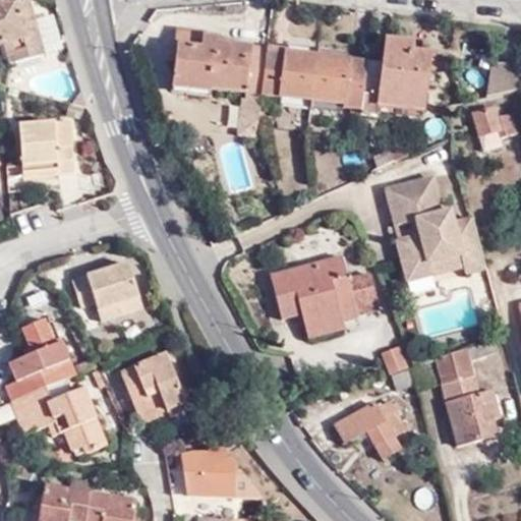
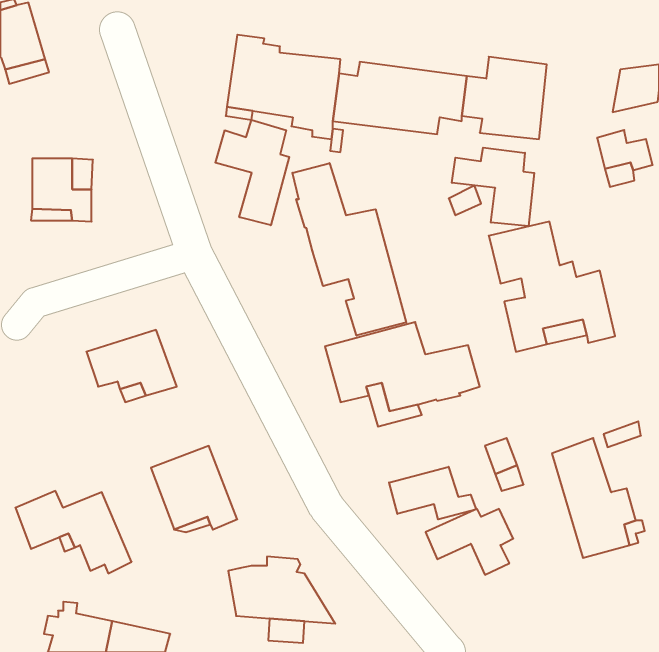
building: none -> [215,120,289,225]
building: none -> [452,148,534,226]
building: none -> [292,163,406,336]
building: [6,320,76,401] -> none
building: none -> [389,467,476,519]

